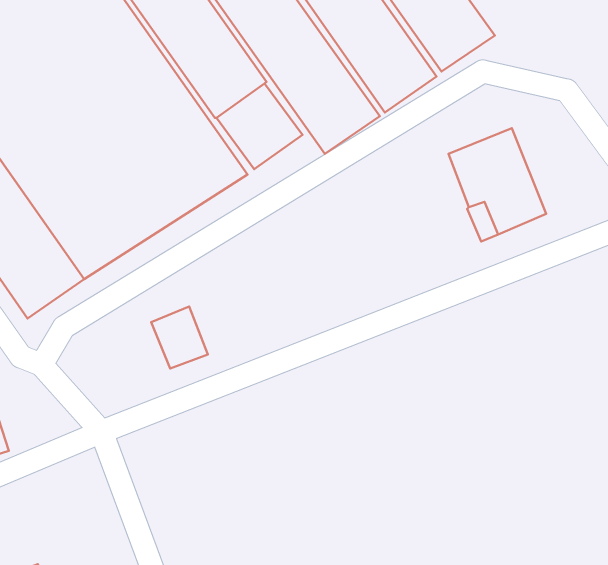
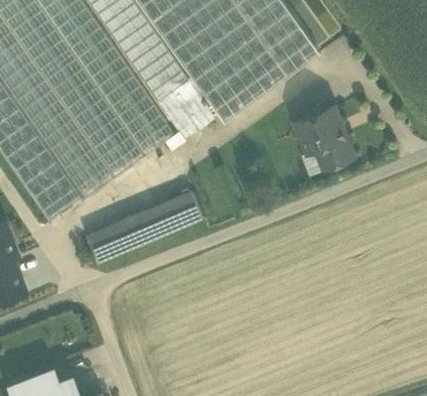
building: none -> [142,190,201,239]
building: none -> [86,220,131,261]

